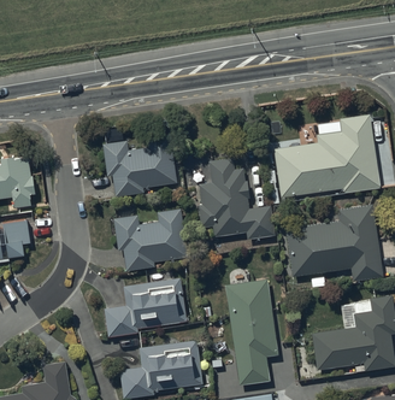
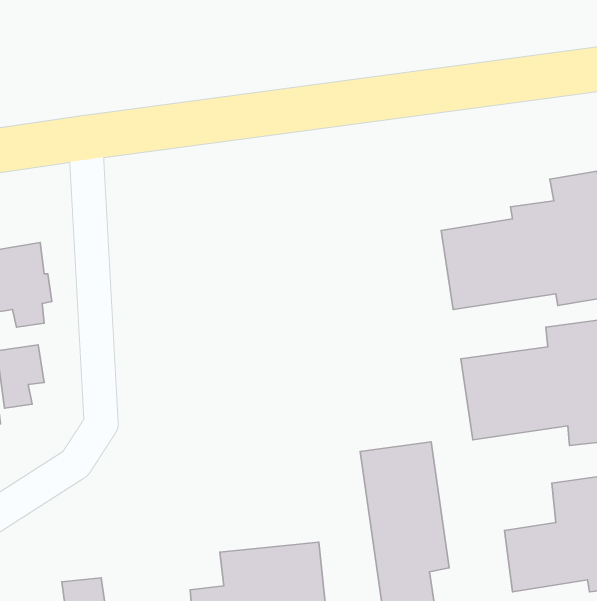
building: [102,136,177,196] -> none
building: [198,158,276,240] -> none
building: [113,208,188,271] -> none
building: [104,277,185,336] -> none

